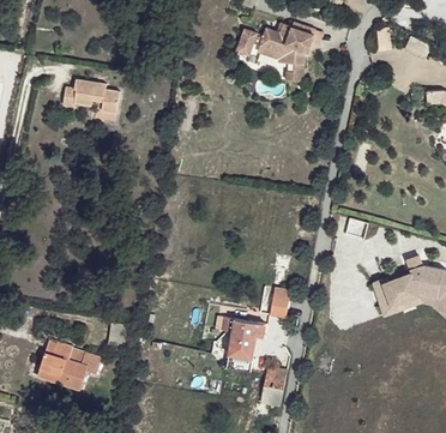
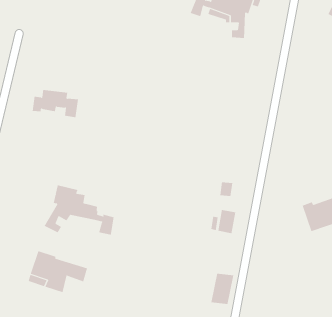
building: [61,79,119,114] -> [32,89,79,118]
building: none -> [44,184,114,235]
building: [222,317,266,359] -> none

